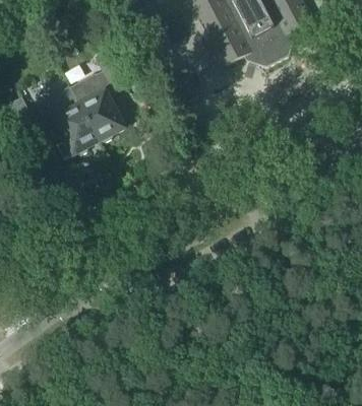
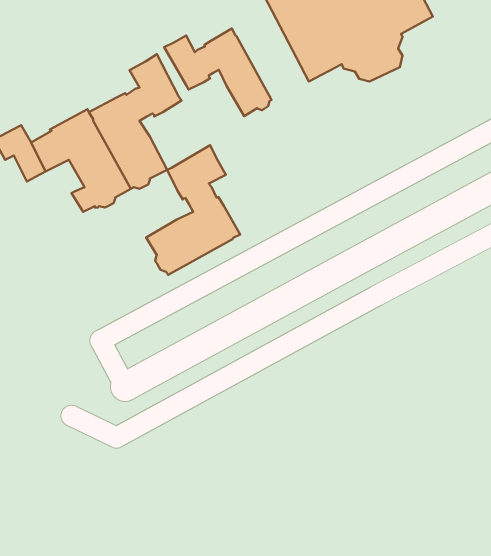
building: none -> [164,28,272,116]
building: none -> [146,145,240,275]

